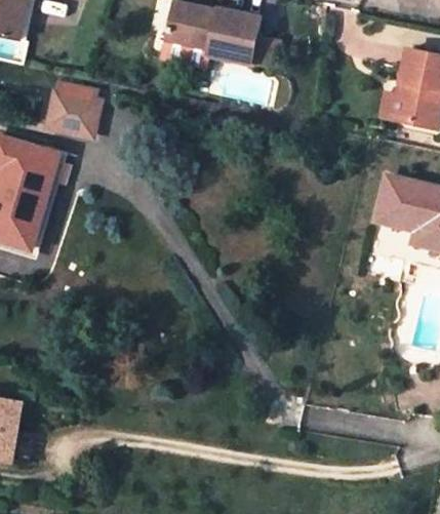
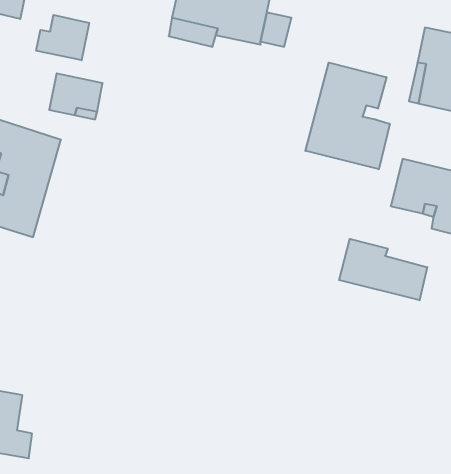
building: none -> [36,15,89,60]
building: none -> [305,63,390,169]
building: none -> [339,239,427,300]

